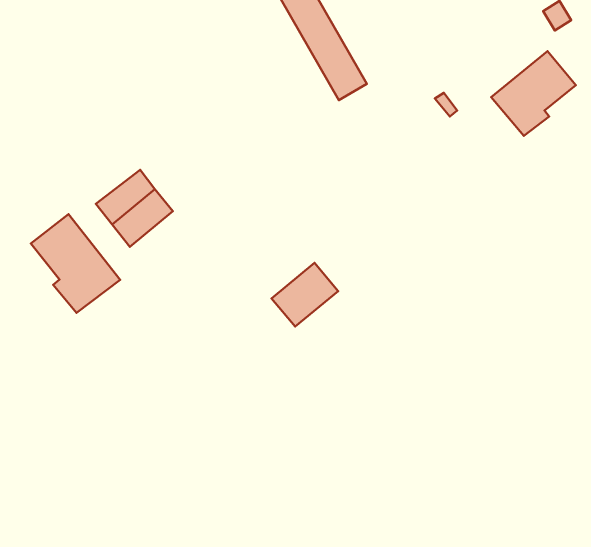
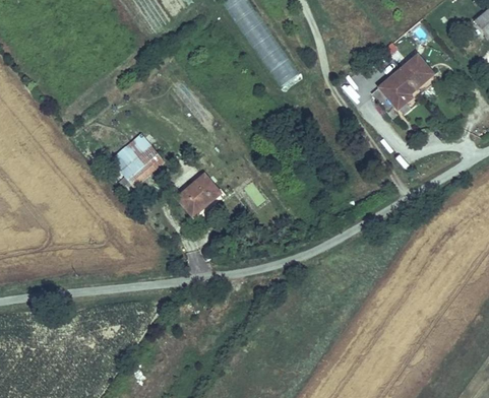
building: [31,214,120,313] -> none
building: [272,263,338,327] -> [177,172,223,215]

